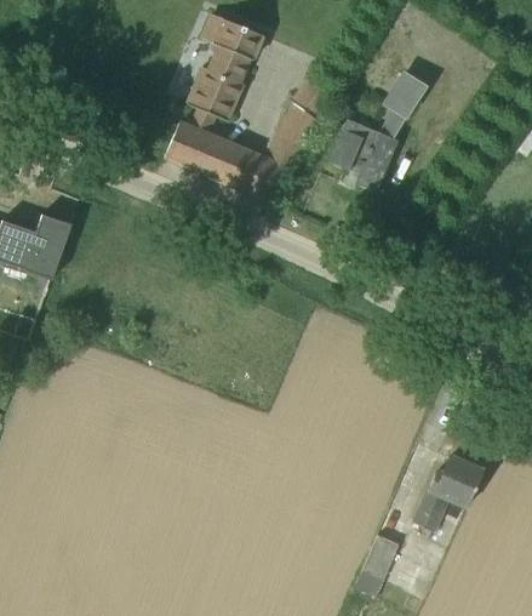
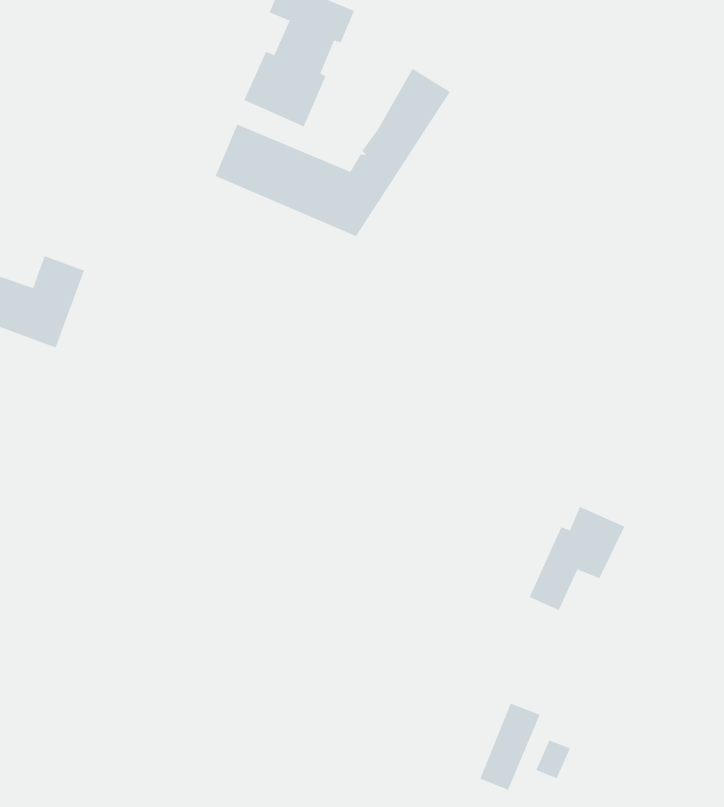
building: [328,70,425,192] -> none
building: [413,456,482,531] -> [529,506,625,611]

